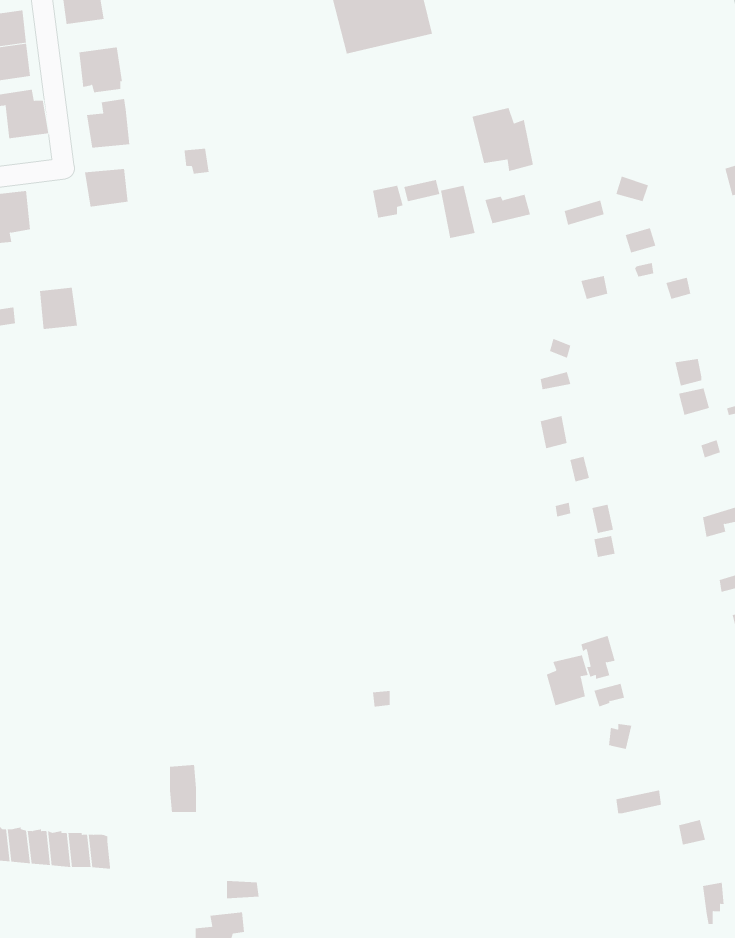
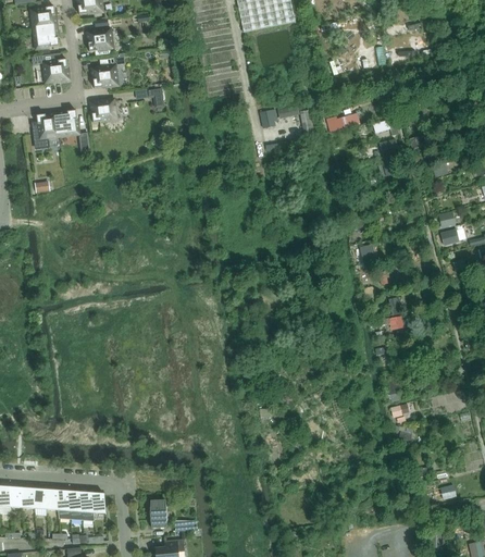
building: [472,107,533,172] -> none
building: [39,287,78,330] -> [57,111,79,136]
building: [546,654,589,706] -> none
building: [169,765,197,813] -> [150,499,166,528]

